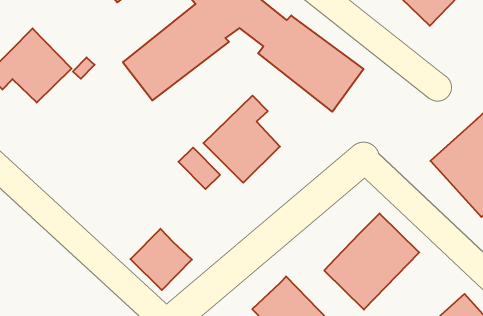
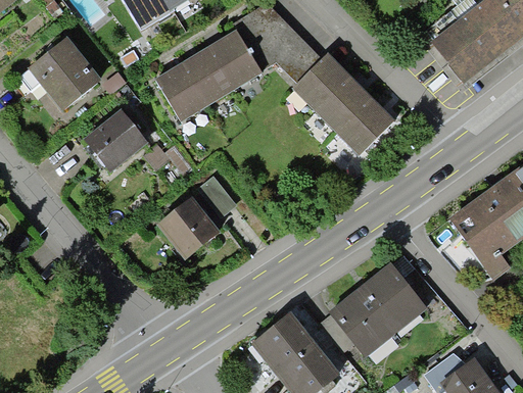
building: none -> [82,110,146,173]
building: [203,96,280,183] -> none
building: [130,229,192,290] -> [158,198,220,259]

